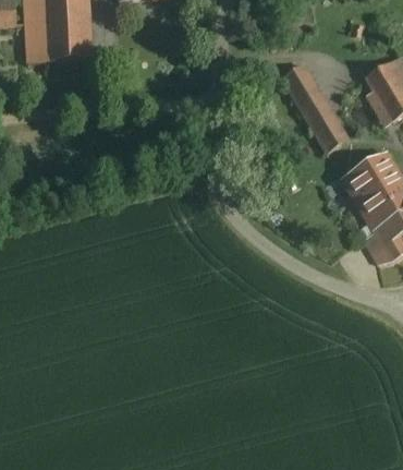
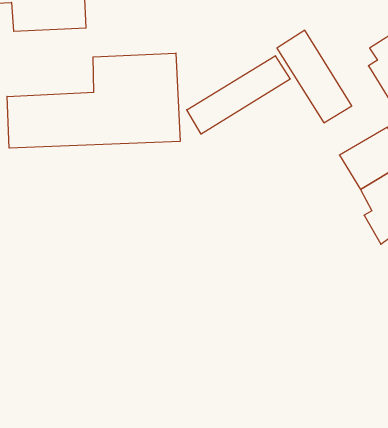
building: none -> [7,53,180,148]
building: none -> [187,56,290,134]

